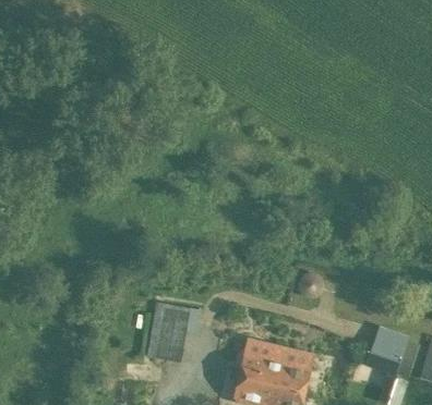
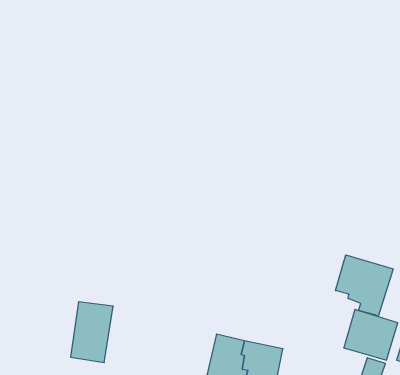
building: none -> [336,255,393,317]
building: [148,298,190,357] -> [71,302,113,363]

